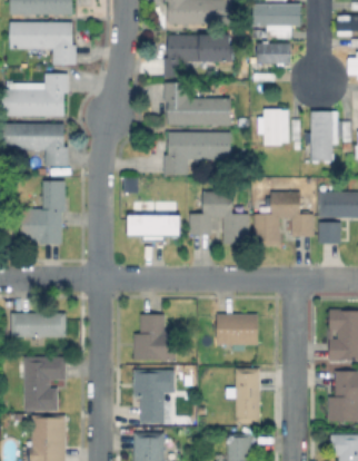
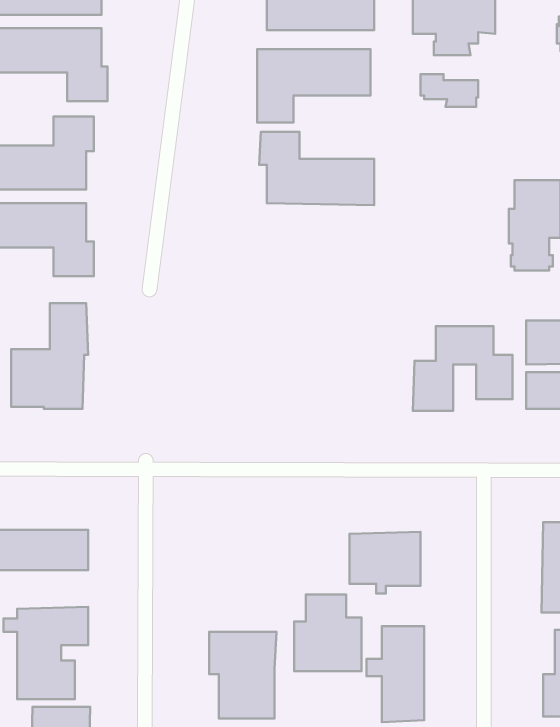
building: [258,109,289,144] -> none
building: [163,133,230,174] -> none
building: [189,193,248,243] -> none
building: [127,215,179,241] -> none
building: [136,316,175,361] -> [294,594,362,671]

